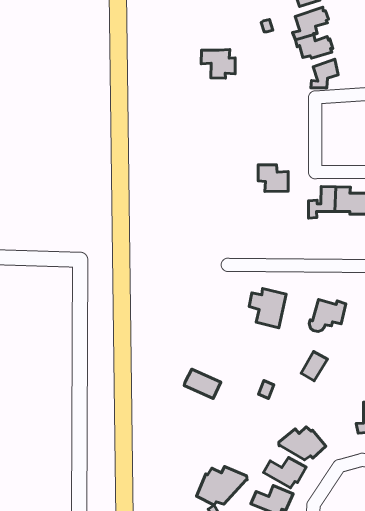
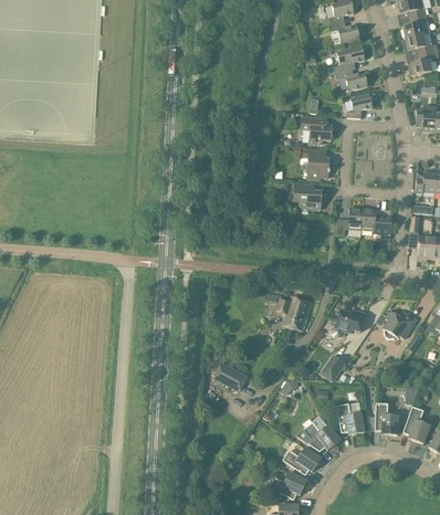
building: [201,50,235,78] -> [301,116,332,143]
building: none -> [303,149,329,178]
building: none -> [335,403,364,434]
building: [197,467,247,505] -> none

